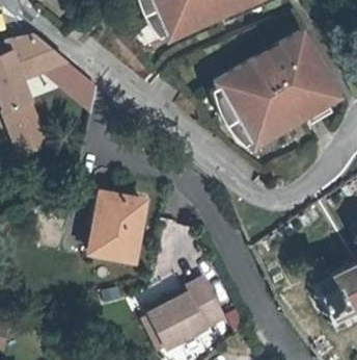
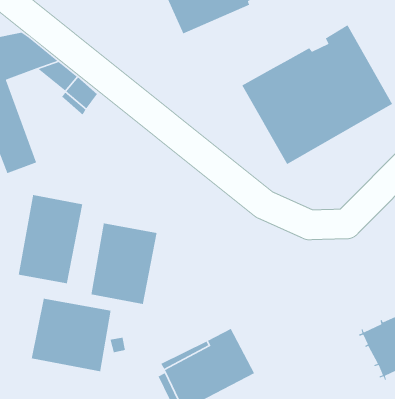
building: none -> [18,194,83,284]
building: none -> [31,298,112,372]

